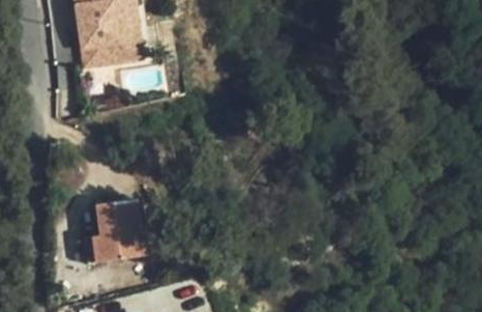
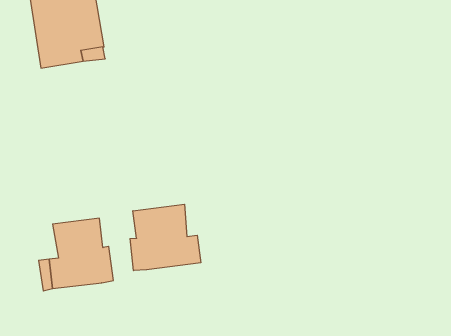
building: none -> [130,204,201,271]

